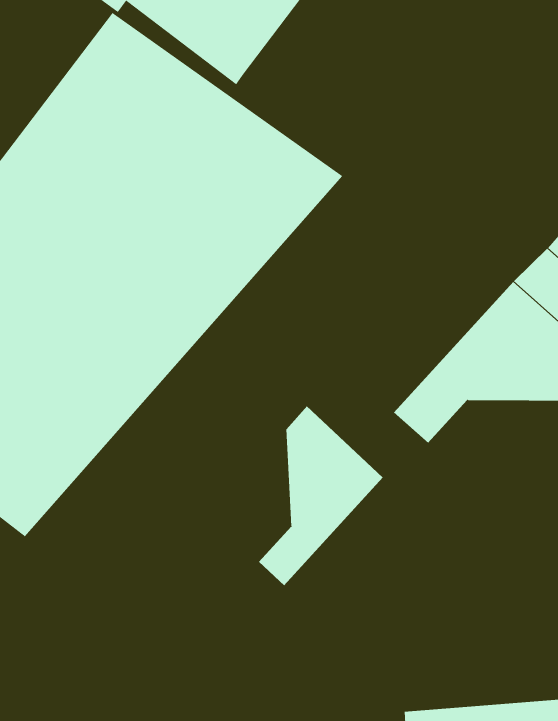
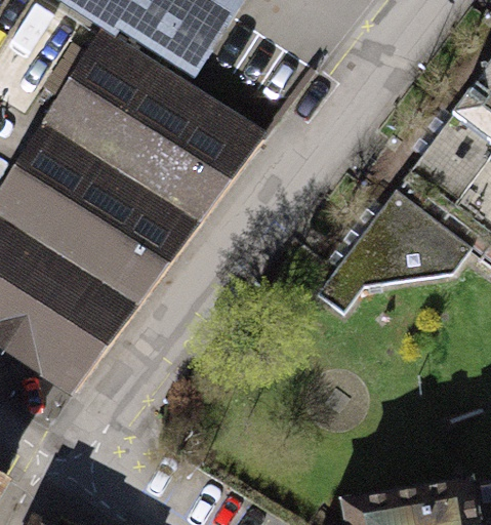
building: [258,406,383,586] -> none

